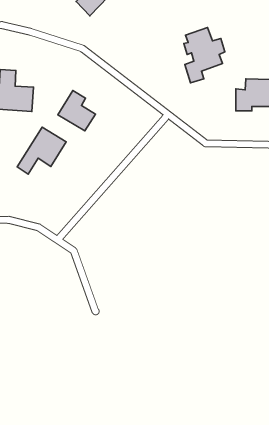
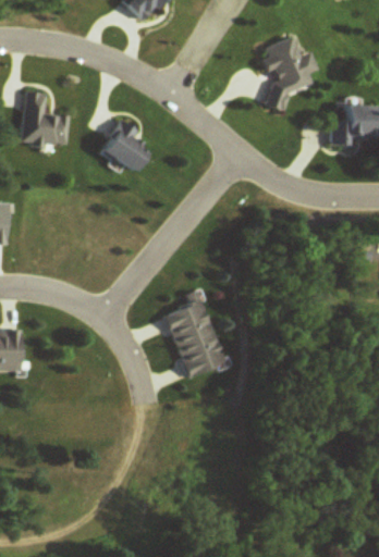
building: [17,127,66,174] -> none
building: none -> [164,289,227,377]

